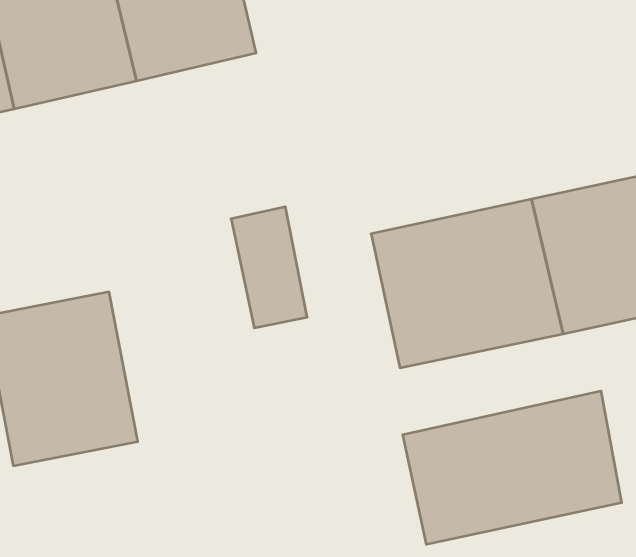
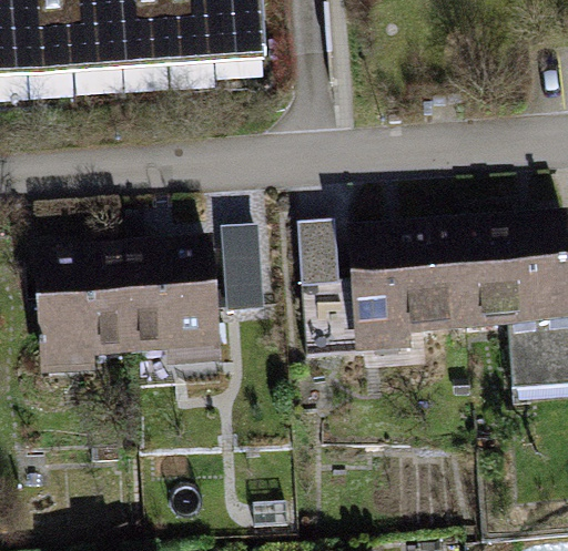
building: none -> [119,248,217,369]
building: [403,391,622,544] -> none

